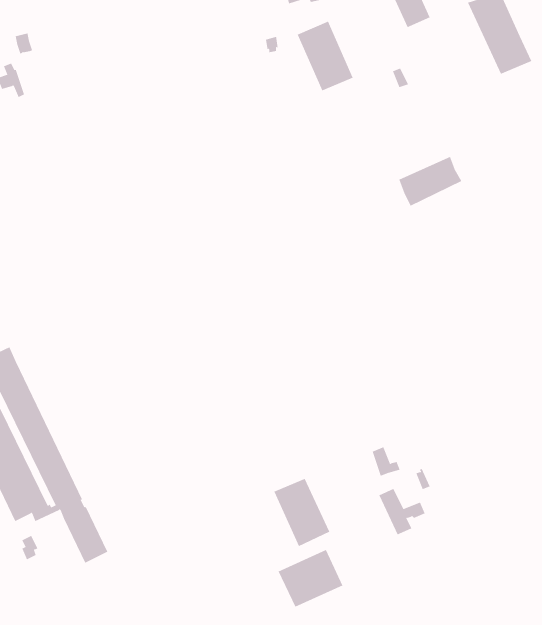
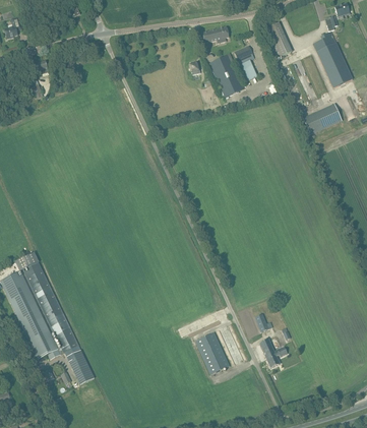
building: none -> [235,46,258,81]
building: [399,156,462,206] -> [303,104,342,134]
building: [278,549,343,608] -> none

